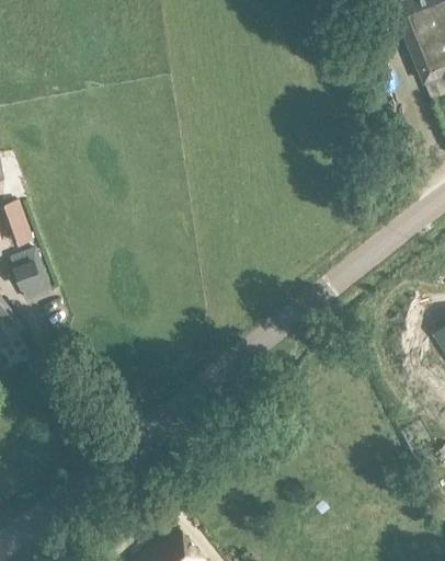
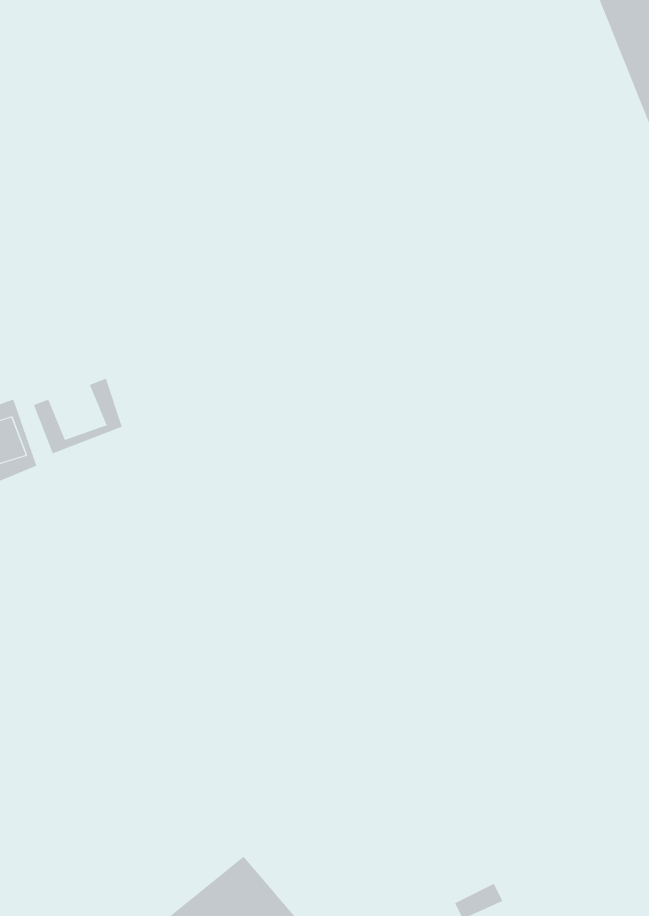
building: none -> [33,378,122,454]

